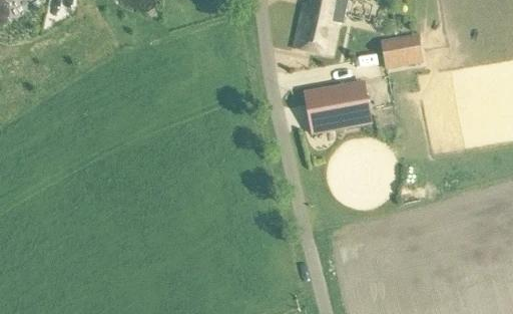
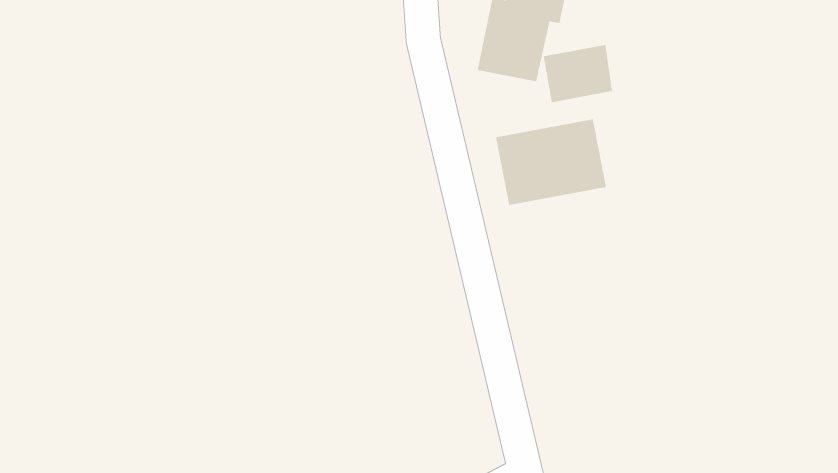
building: [381,33,423,68] -> [543,44,613,103]

